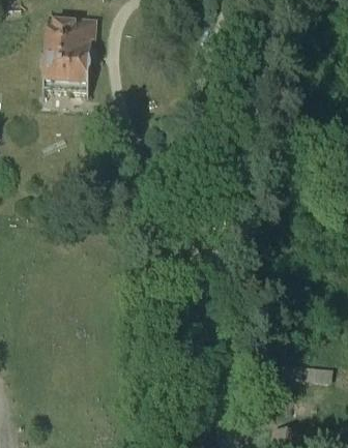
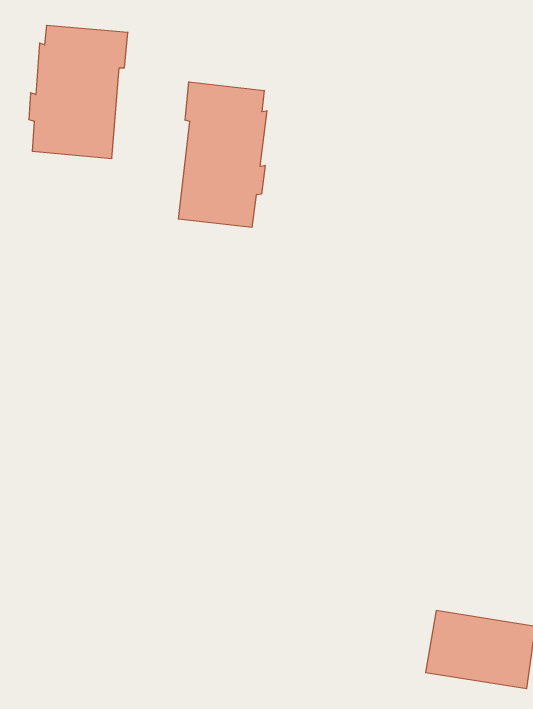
building: none -> [178,82,267,227]

